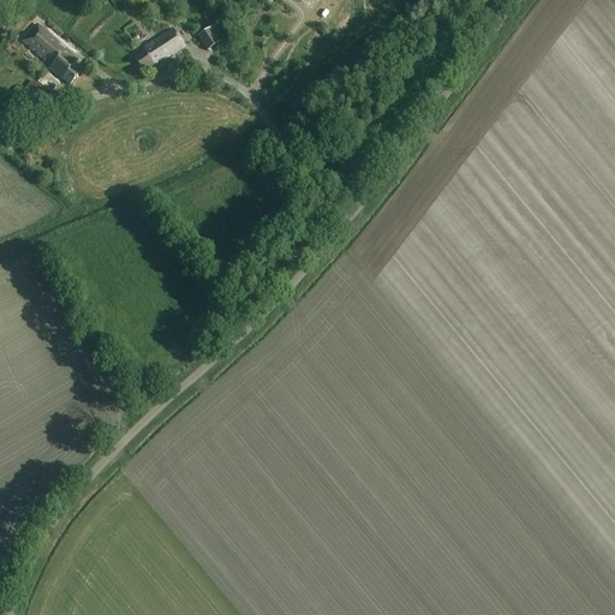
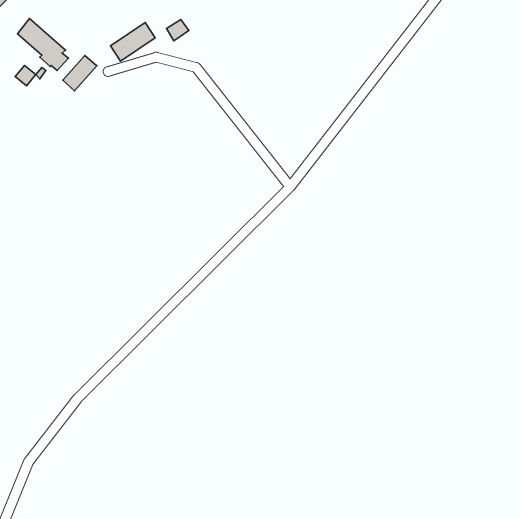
building: none -> [63,55,97,91]

